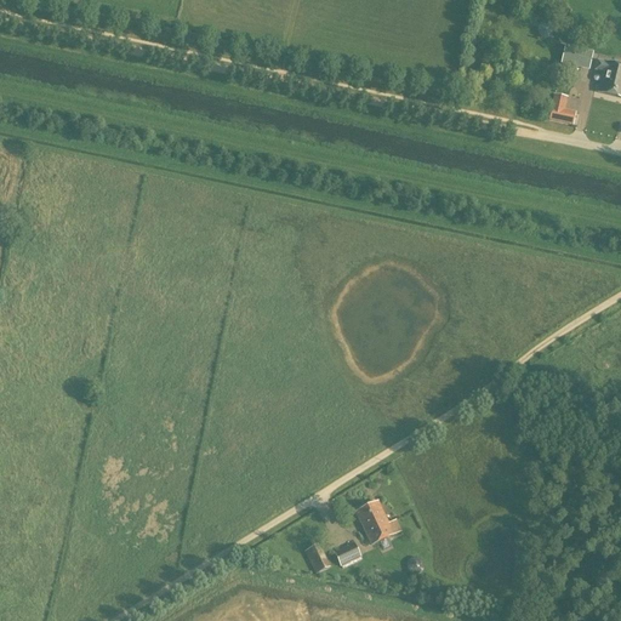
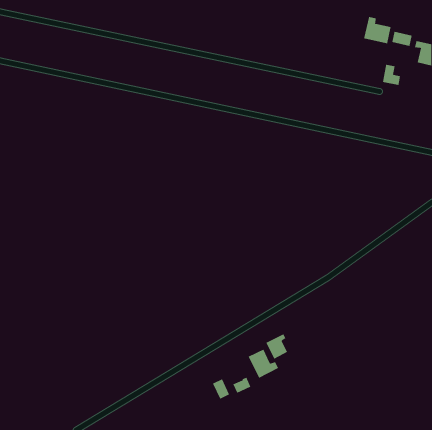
building: none -> [364,16,391,44]
building: none -> [266,333,288,359]

